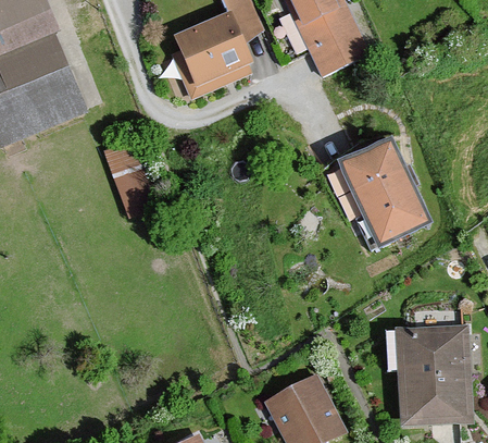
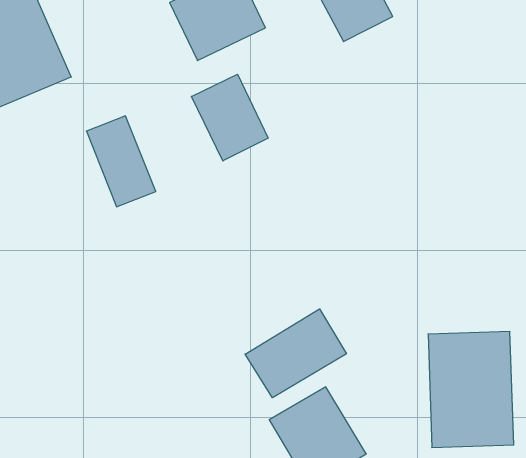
building: none -> [191,74,268,161]
building: [341,144,426,243] -> none
building: none -> [245,309,346,398]

